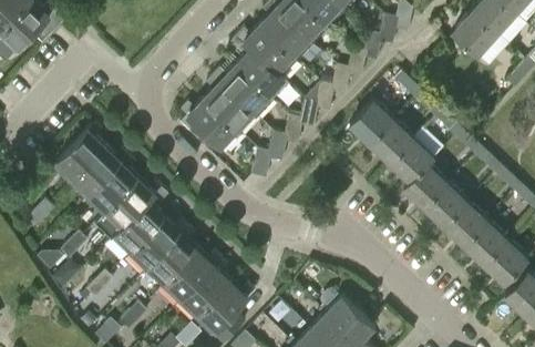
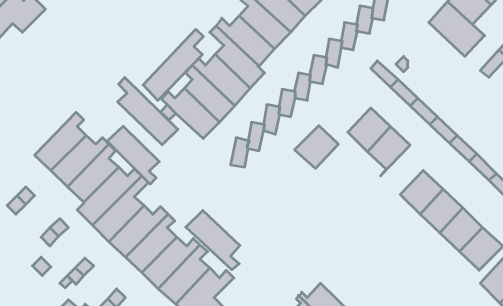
building: none -> [143,29,203,100]
building: none -> [118,77,178,145]
building: [349,101,393,144] -> [295,126,338,168]
building: none -> [107,126,159,184]
building: [403,157,446,207] -> none
building: none -> [186,210,240,270]

